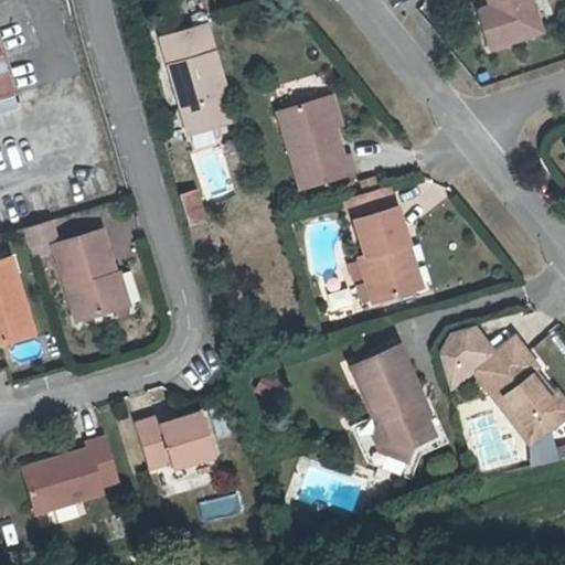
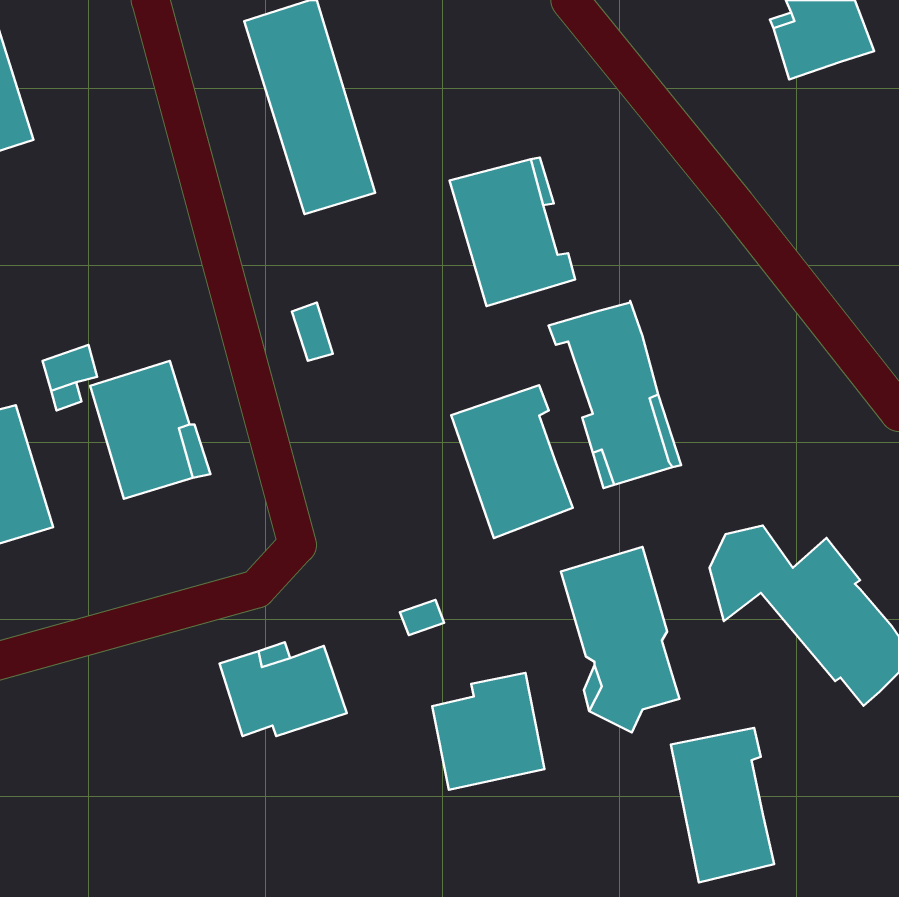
building: none -> [451,385,573,538]
building: none -> [432,673,545,790]
building: [21,434,118,509] -> none
building: none -> [671,728,774,882]

